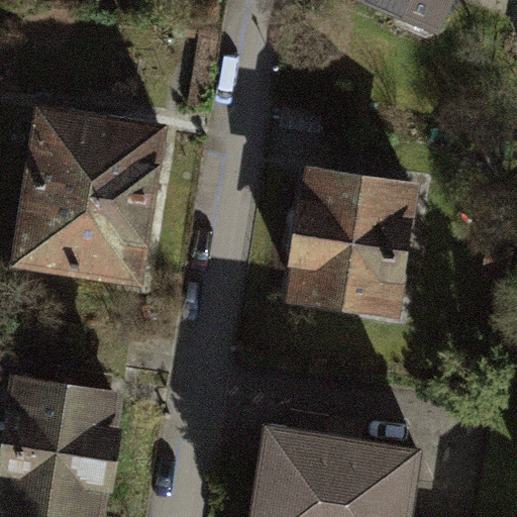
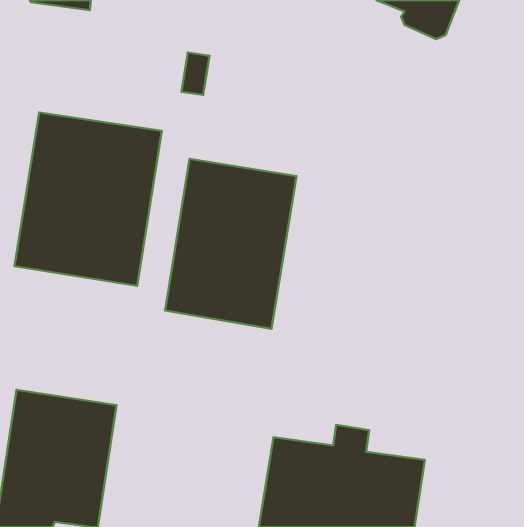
building: none -> [165,159,296,329]
building: [295,175,408,308] -> none

